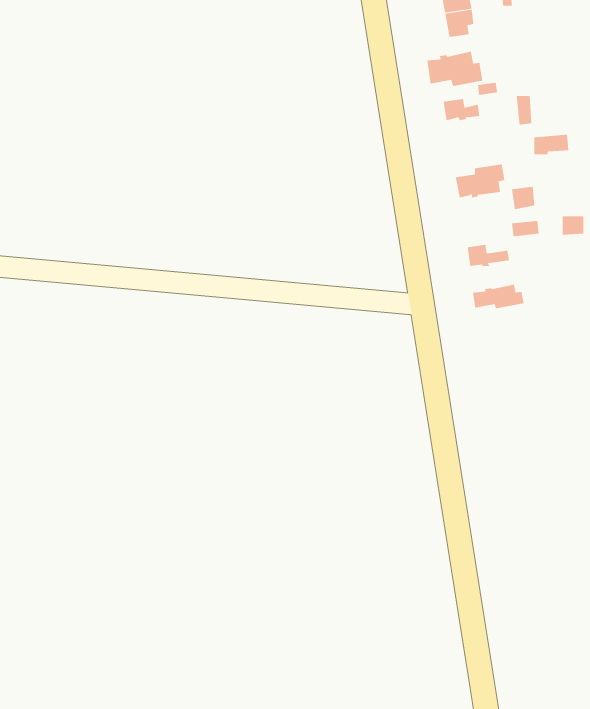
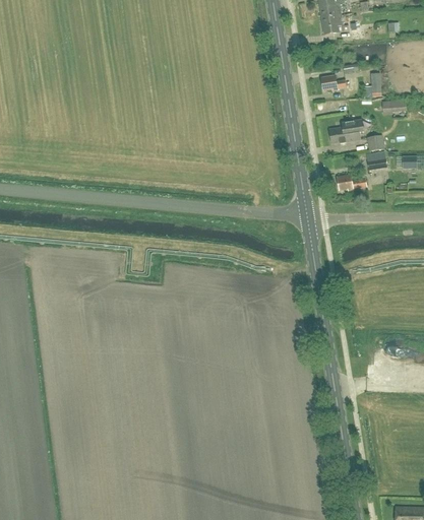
building: [427,51,483,87] -> none
building: [473,284,524,309] -> none

